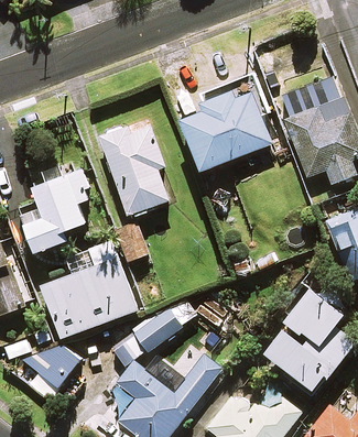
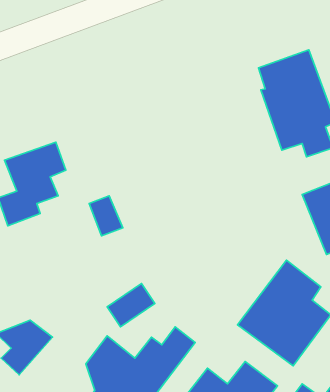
building: [182,79,272,170] -> none
building: [100,121,170,217] -> none
building: [42,240,137,338] -> none

